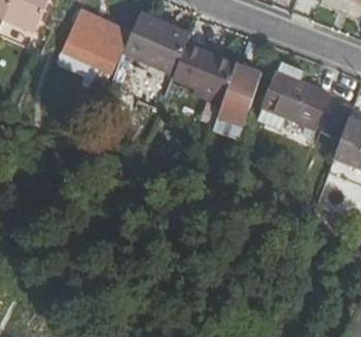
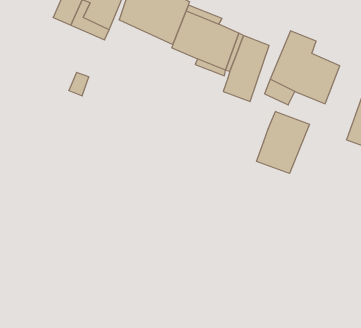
building: none -> [257,111,309,173]

